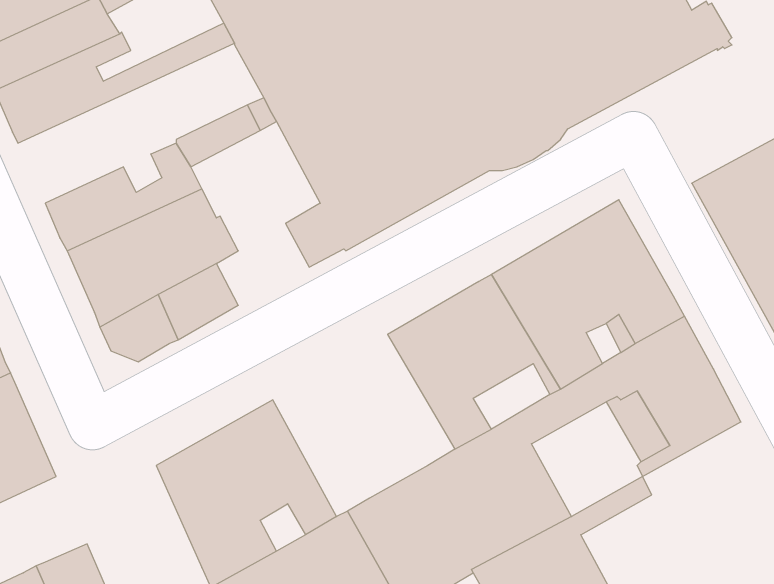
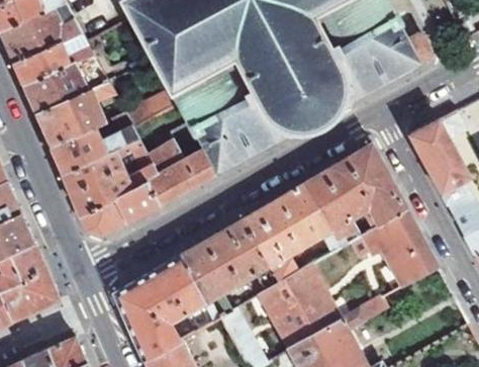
building: none -> [35,79,116,148]
building: none -> [146,141,197,204]
building: none -> [177,220,278,322]

